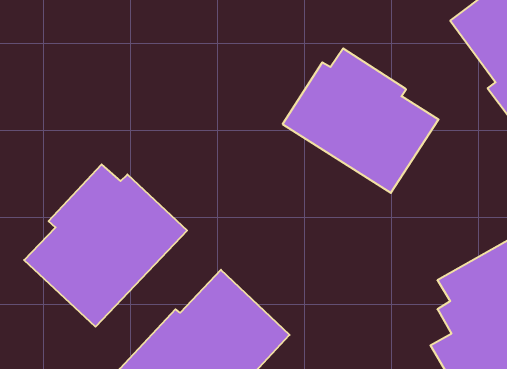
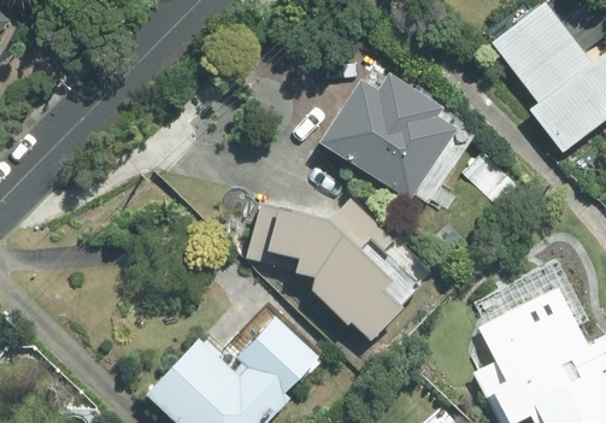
building: [24,164,187,327] -> none
building: none -> [242,198,435,341]

